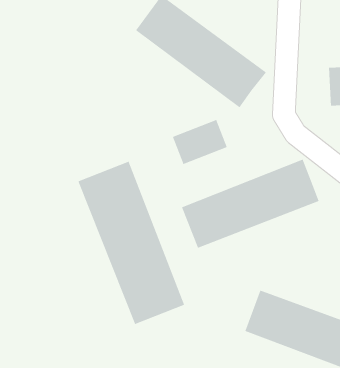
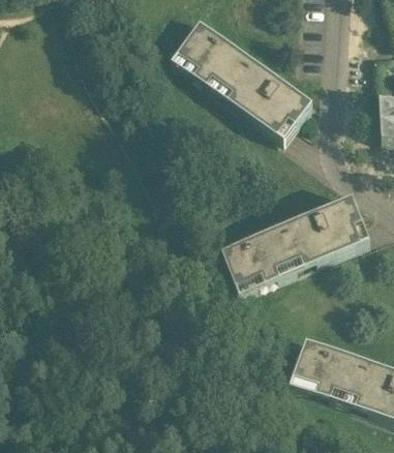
building: [172,119,228,165] -> none
building: [78,161,185,325] -> none

